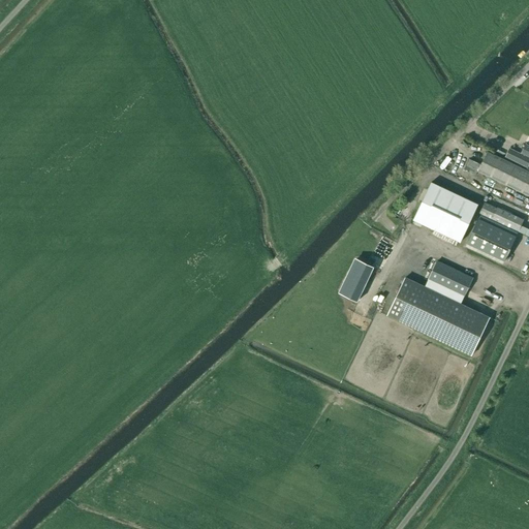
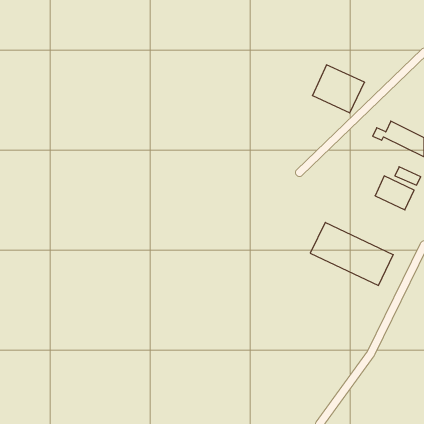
building: [413,182,478,242] -> [312,65,365,113]
building: [339,257,374,301] -> none
building: [428,260,473,297] -> none

